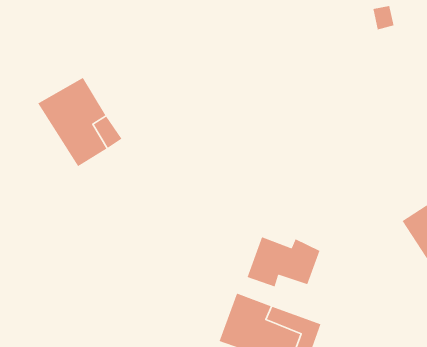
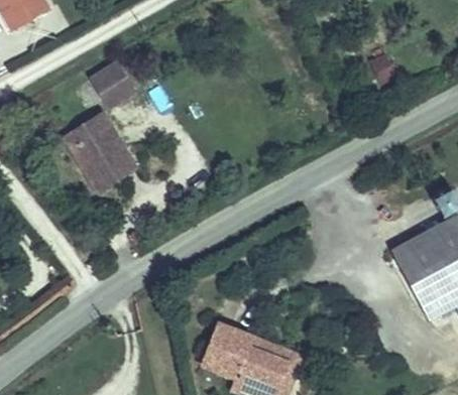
building: none -> [96,61,141,106]
building: [247,236,320,288] -> none

